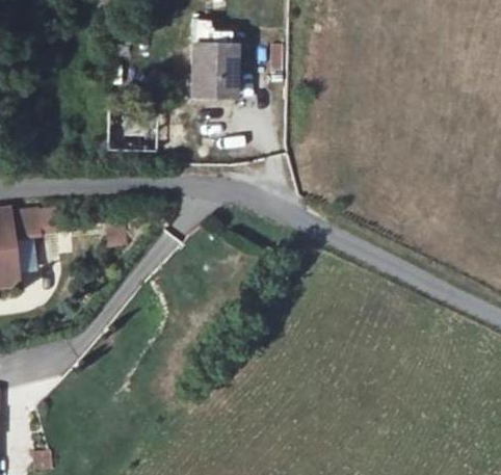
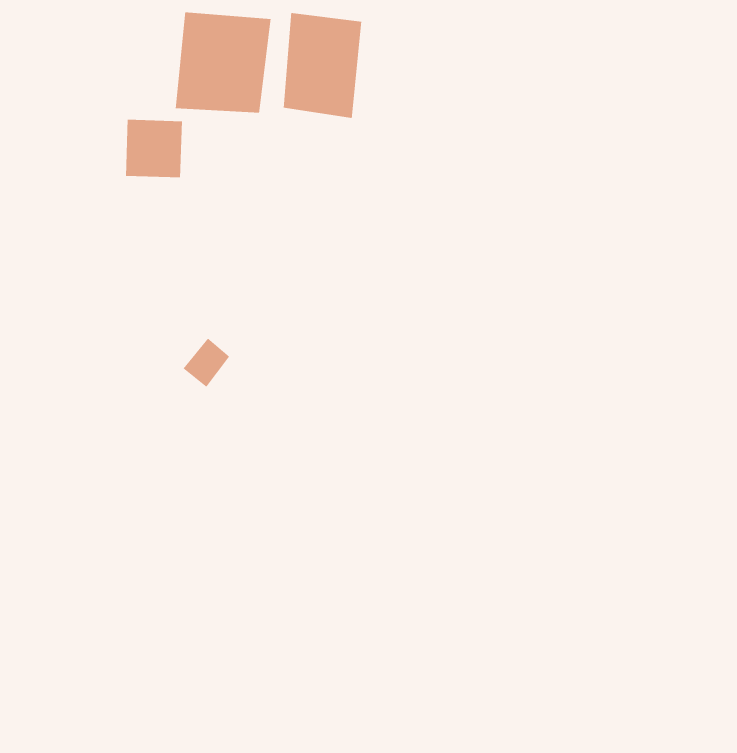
building: none -> [175,12,272,114]

